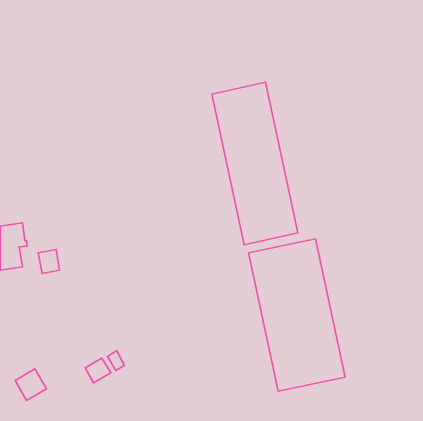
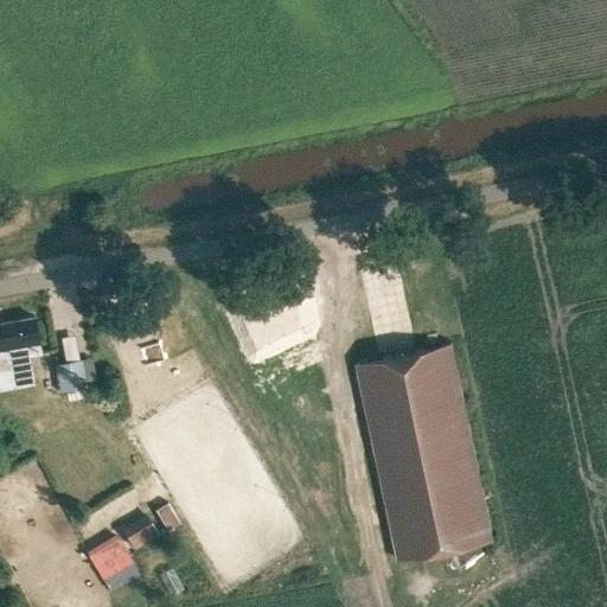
building: [212,82,298,245] -> none
building: [15,369,47,400] -> [87,536,132,581]

